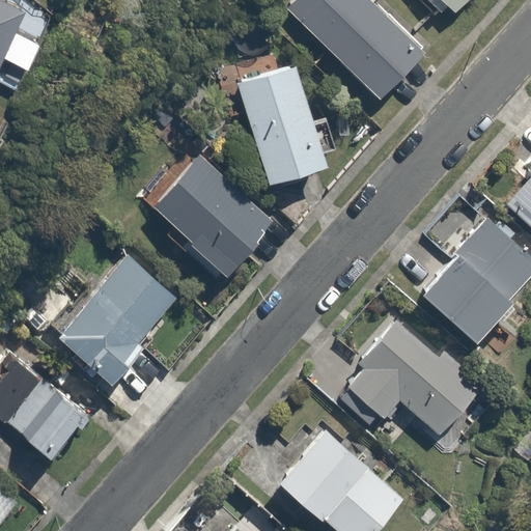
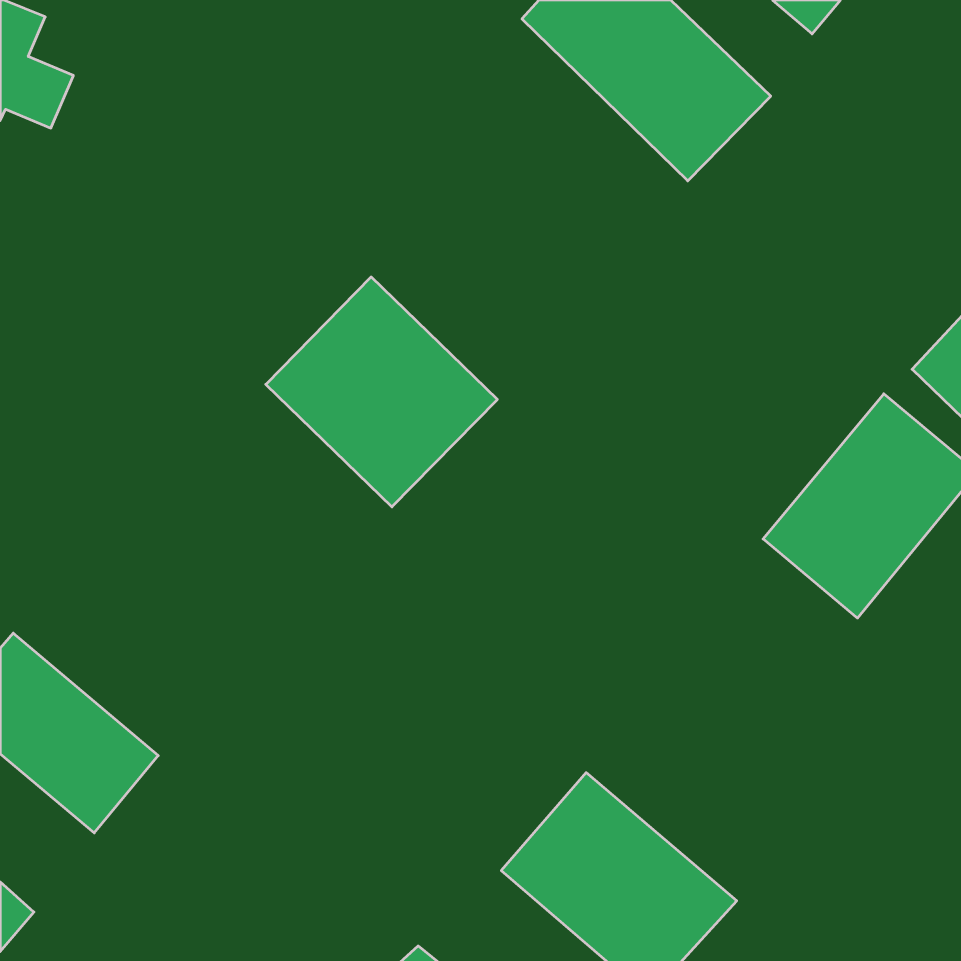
building: [237,65,333,187] -> none
building: [52,250,175,387] -> none
building: [340,317,486,437] -> none

